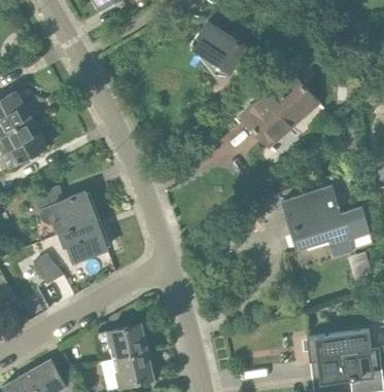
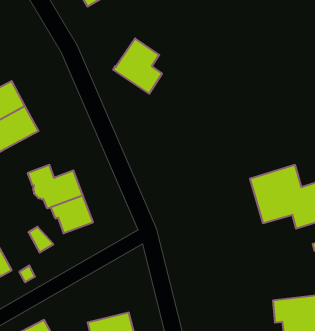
building: [191,9,246,71] -> [113,38,162,94]
building: [242,71,320,147] -> none
building: [107,324,147,359] -> none

